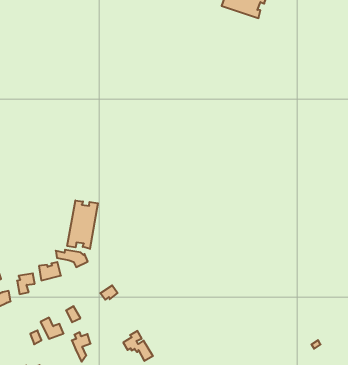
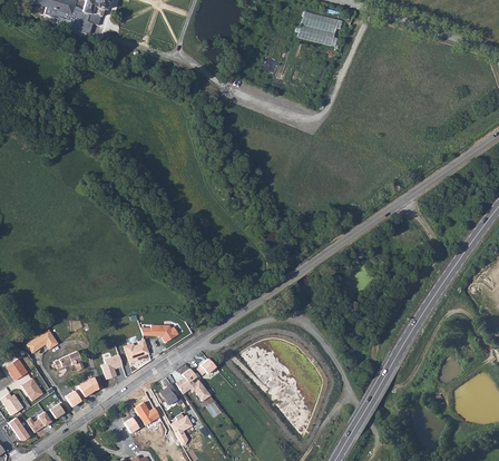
building: [67,200,98,249] -> none
building: [123,331,153,361] -> [176,369,211,401]

